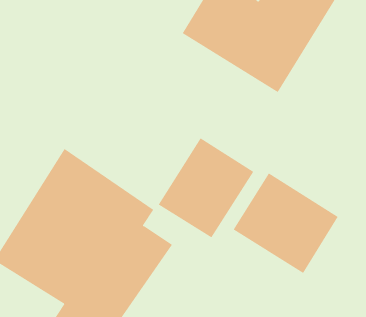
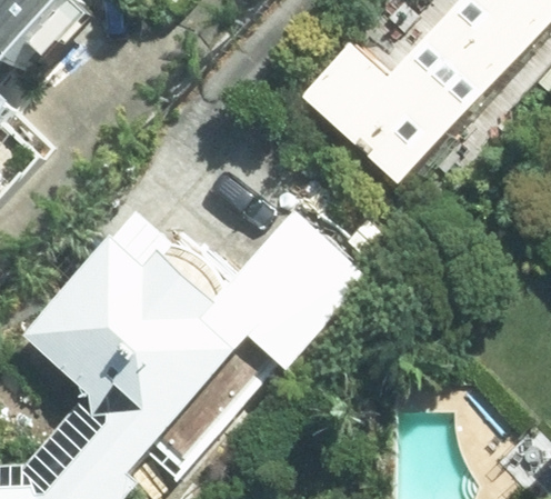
building: [233,172,339,274] -> none

